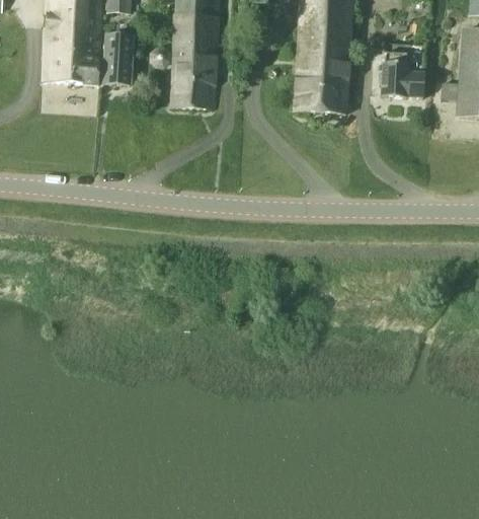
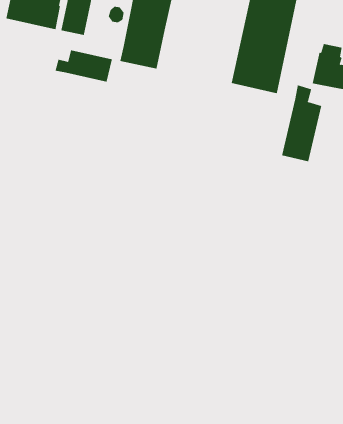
building: none -> [281,85,322,162]
building: none -> [55,50,112,83]

